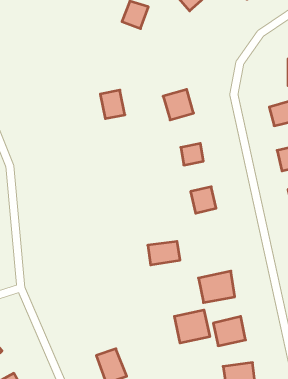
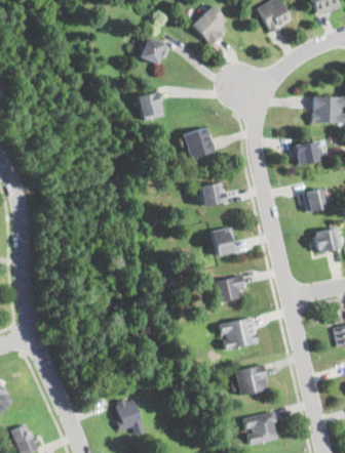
building: [100,90,125,119] -> [138,90,163,120]
building: [148,241,180,265] -> [212,278,245,302]
building: [174,310,210,343] -> none

